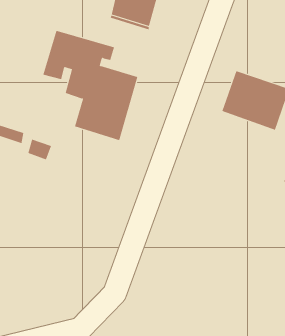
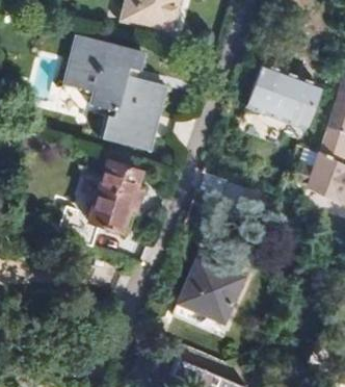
building: none -> [61,163,143,250]
building: none -> [182,260,244,324]

